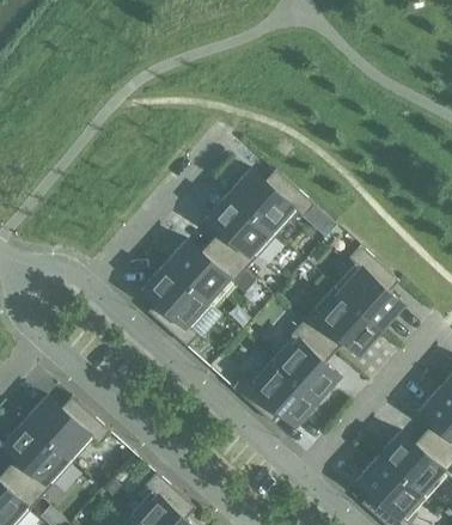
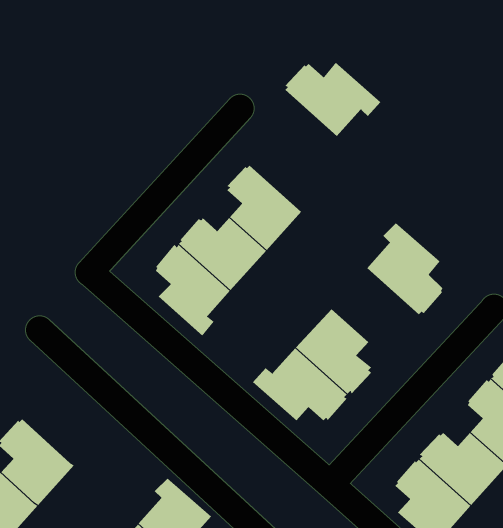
building: [226,173,312,240] -> [284,62,381,137]
building: [299,291,377,356] -> none
building: [24,401,108,466] -> none

